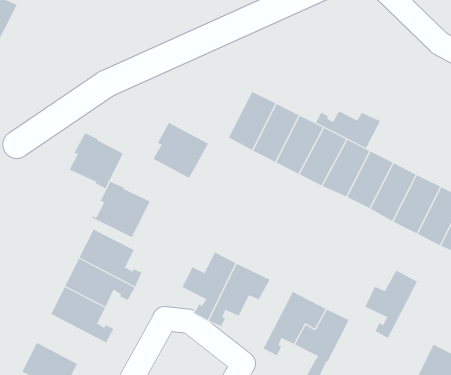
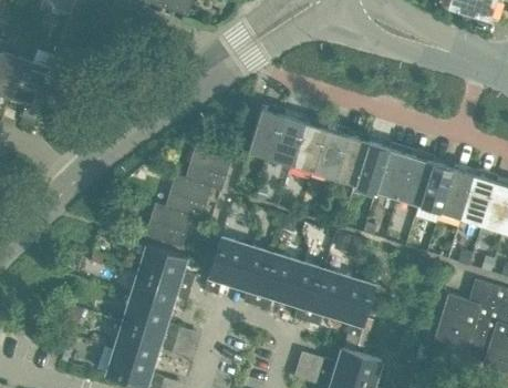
building: [315,111,381,149] -> none
building: [69,133,124,189] -> [168,175,211,219]
building: none -> [205,238,252,295]
building: [364,270,418,339] -> [282,264,323,323]
building: none -> [116,324,175,361]

